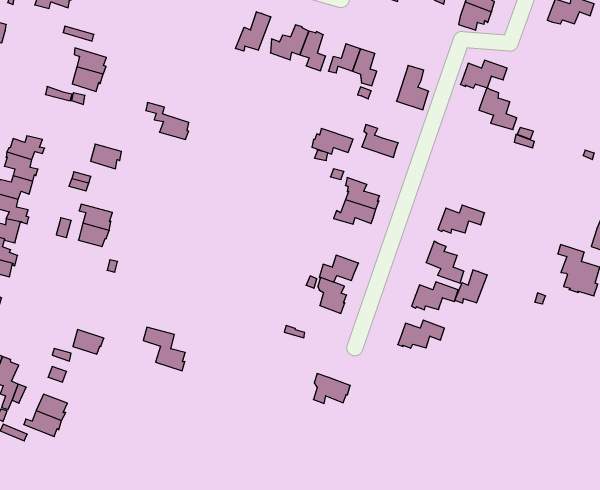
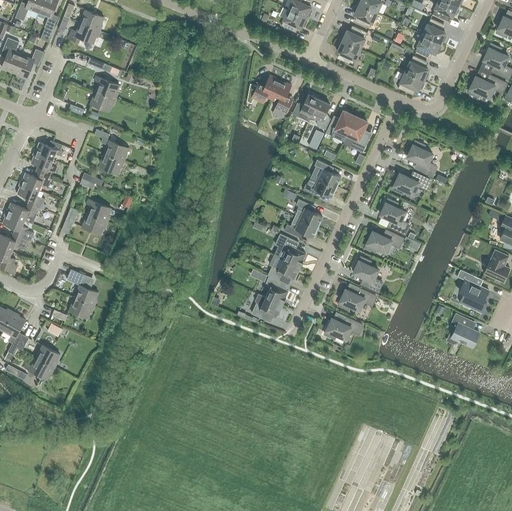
building: [236,12,271,51] -> none
building: none -> [326,110,355,141]
building: [460,60,507,88] -> [392,172,430,194]
building: [146,103,189,139] -> [94,128,127,160]
building: [312,128,353,154] -> [303,176,336,197]
building: none -> [380,198,409,233]
building: none -> [273,233,306,267]
building: [455,270,487,303] -> none
building: none -> [447,313,479,347]
building: [143,327,185,371] -> [66,268,98,305]
building: [313,374,350,404] -> [252,293,282,318]

